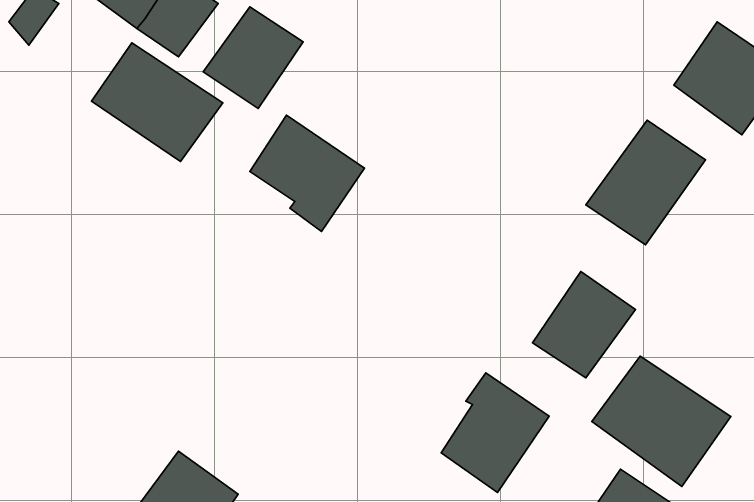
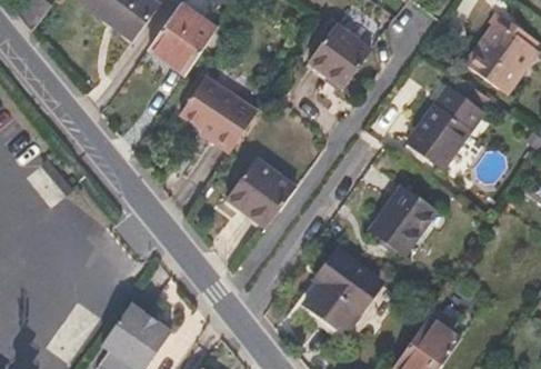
building: none -> [308,27,368,87]
building: [91,43,223,162] -> none
building: none -> [226,159,293,221]
building: [592,356,731,487] -> none

